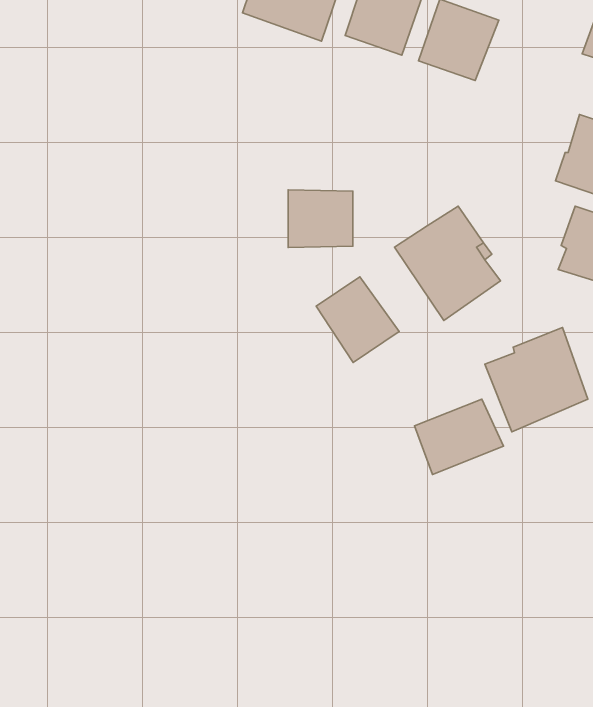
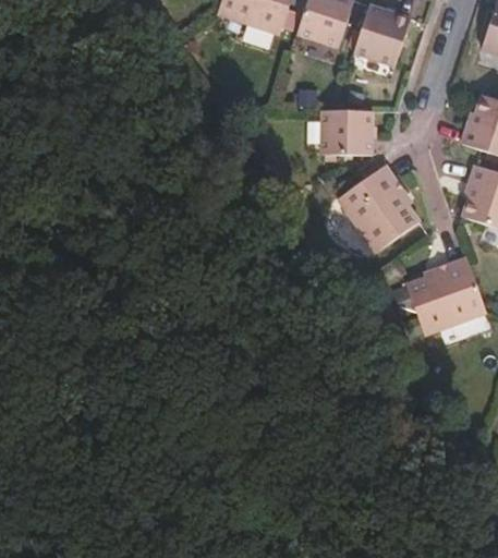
building: [288,190,353,248] -> [324,109,374,154]
building: [316,277,399,363] -> none
building: [414,399,504,475] -> none

